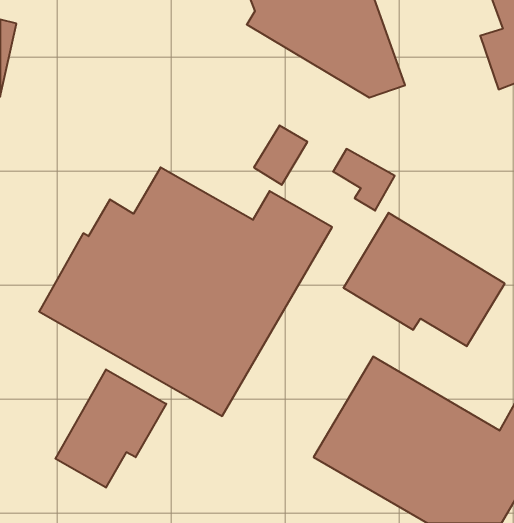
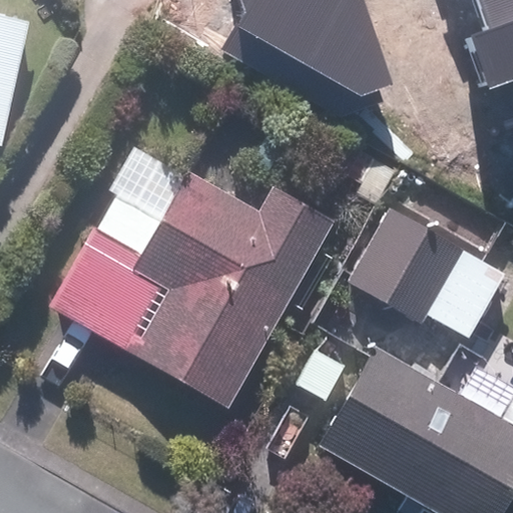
building: [55,369,166,488] -> none

